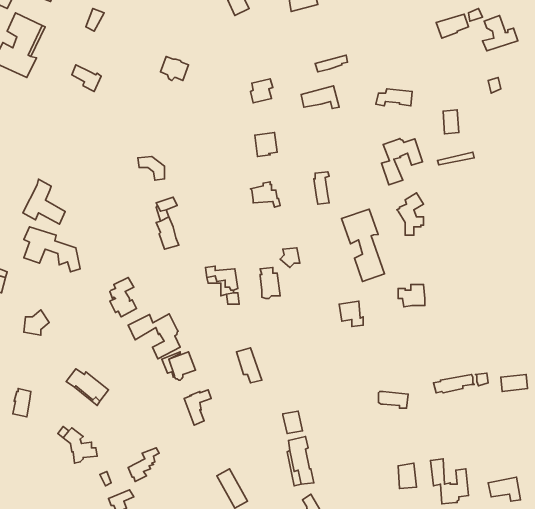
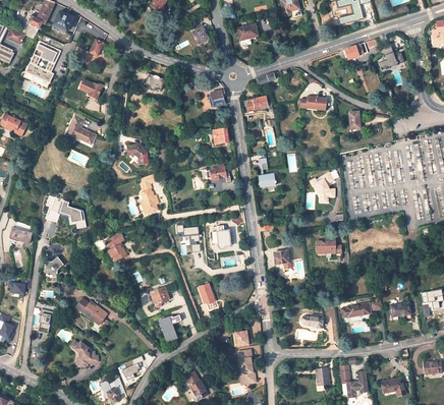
building: [381,138,423,185] -> none
building: [23,179,65,224] -> [64,112,95,144]
building: [341,209,384,282] -> none
building: [128,314,180,359] -> none

